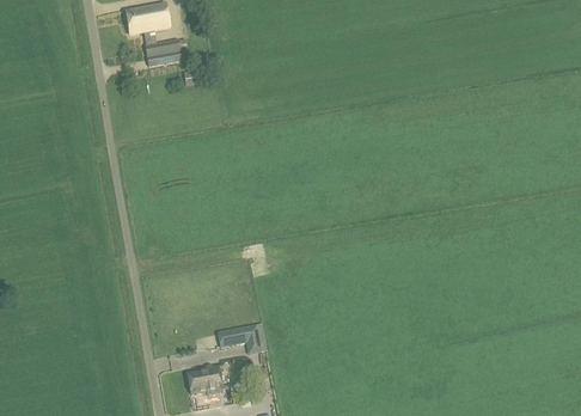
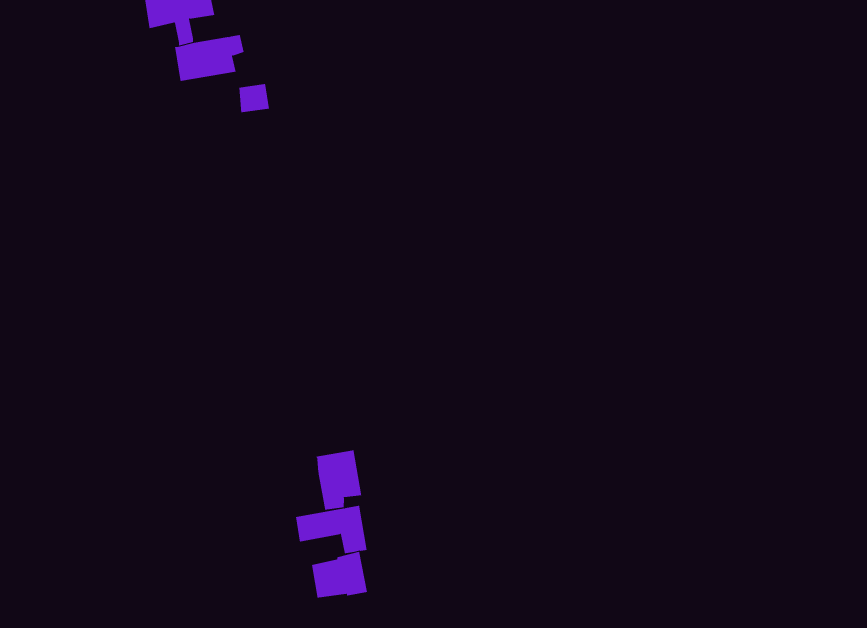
building: none -> [316,449,362,511]
building: [188,365,222,393] -> [311,551,368,598]

